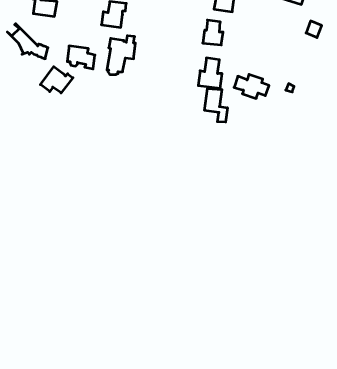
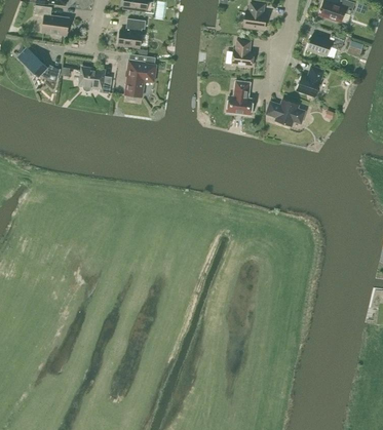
building: none -> [307,34,345,56]
building: none -> [296,66,323,96]
building: [40,67,73,93] -> none
building: [205,89,227,122] -> none

